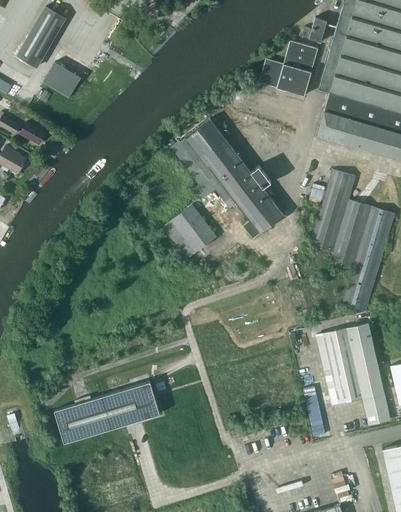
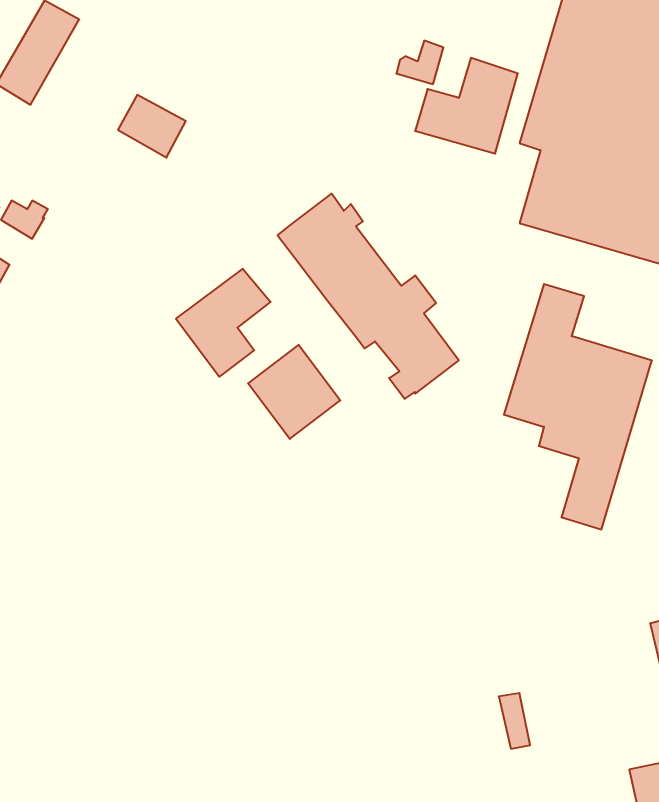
building: [299,18,326,43] -> [396,41,443,84]
building: [41,62,80,98] -> [118,95,186,158]
building: none -> [176,269,271,377]
building: [316,324,389,424] -> none
building: [54,382,159,442] -> none

